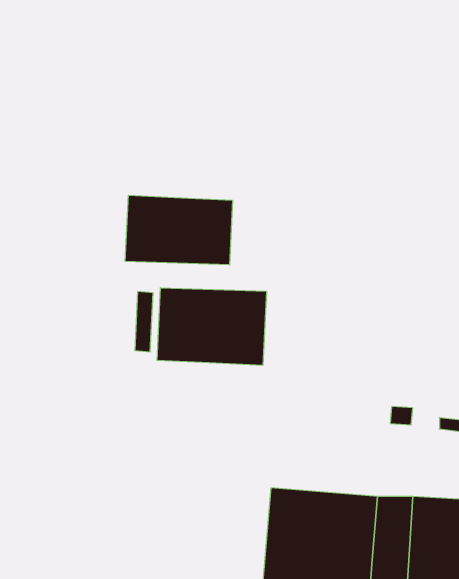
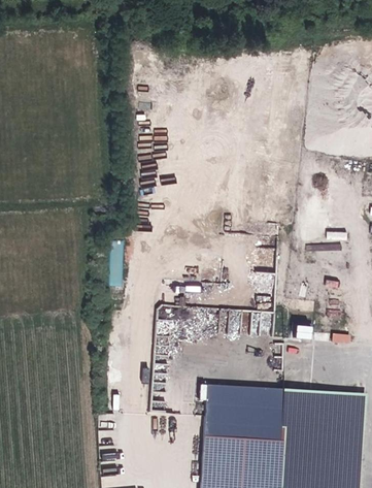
building: [125,195,232,265] -> none
building: [157,288,266,365] -> none

